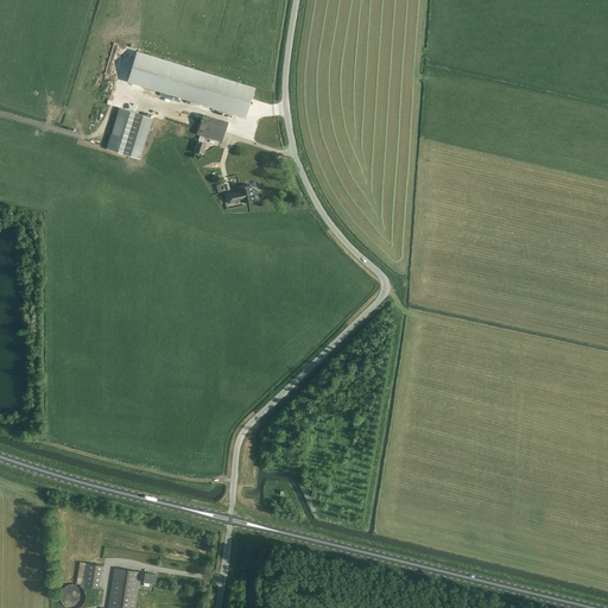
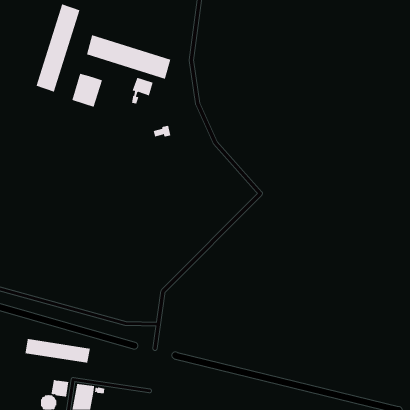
building: none -> [36,3,80,93]
building: none -> [25,338,90,364]

